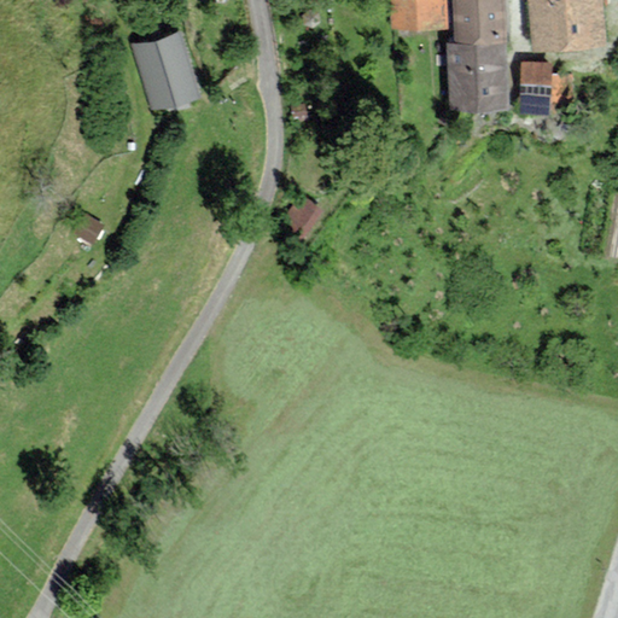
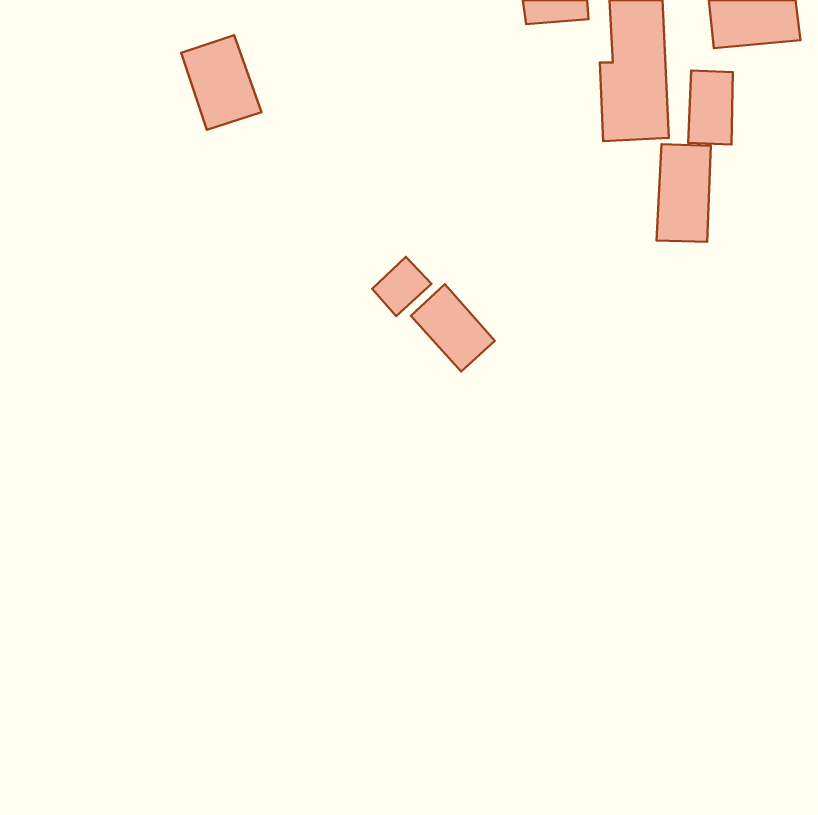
building: none -> [657,144,711,242]
building: none -> [411,284,495,371]

